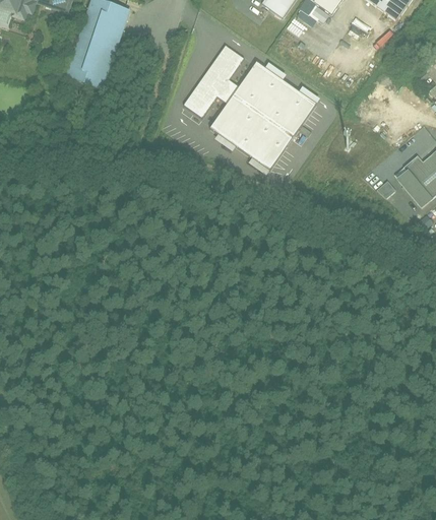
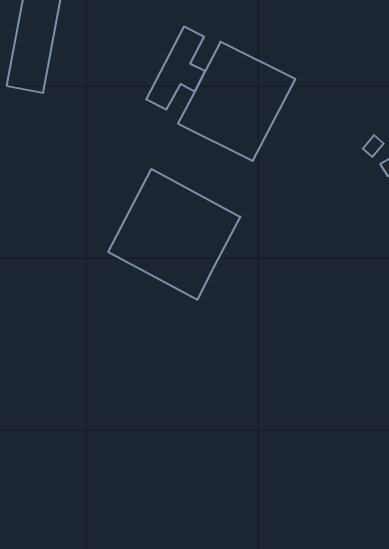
building: none -> [108,169,240,300]

